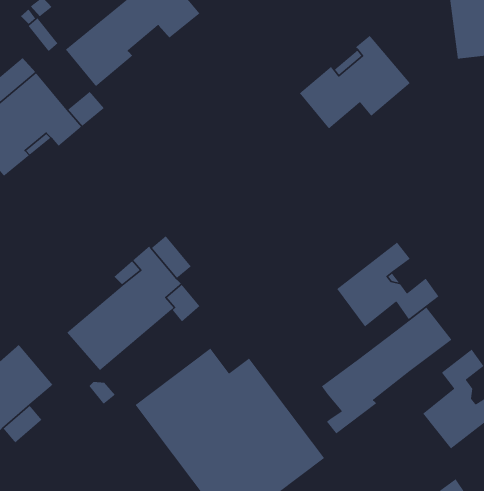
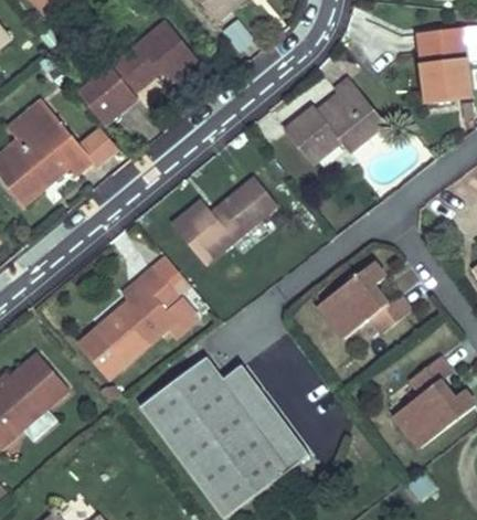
building: none -> [171,177,276,263]
building: [321,306,453,434] -> none

